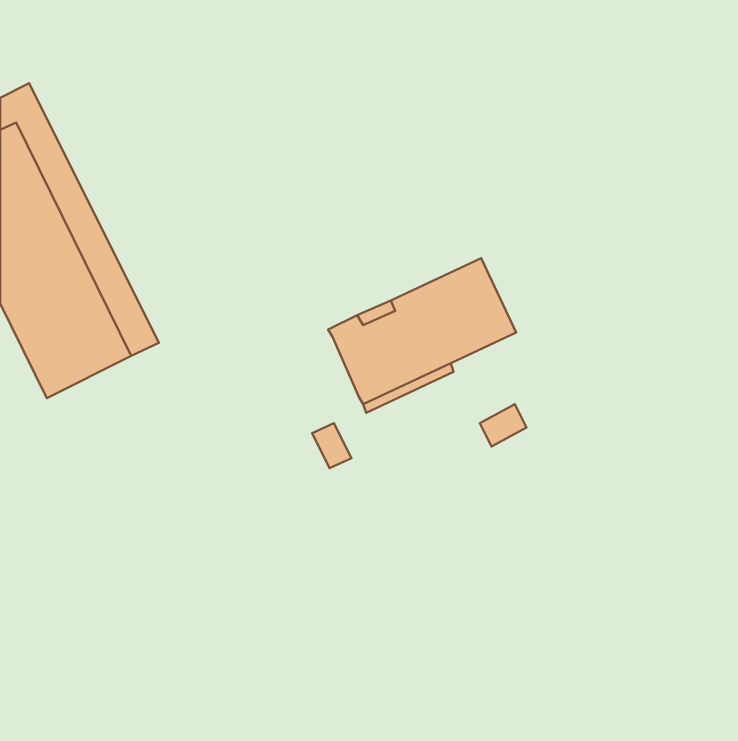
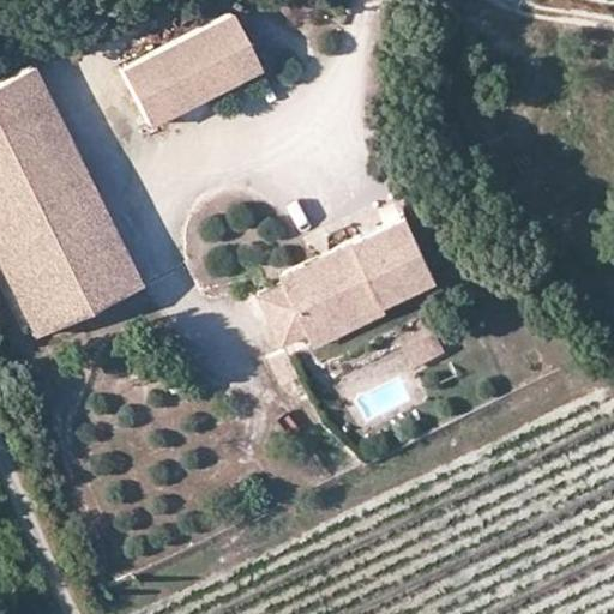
building: none -> [128,20,266,132]
building: none -> [254,281,301,342]

